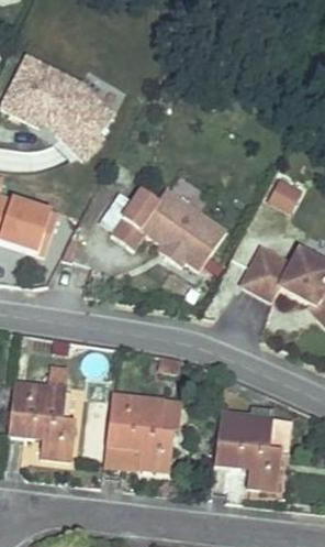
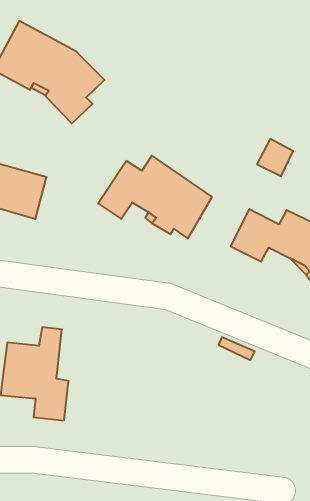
building: [104,391,179,473] -> none
building: [214,408,293,488] -> none

